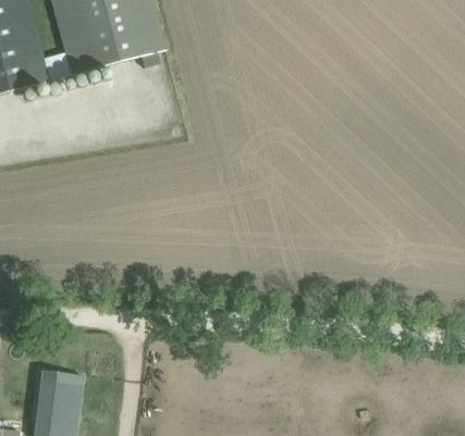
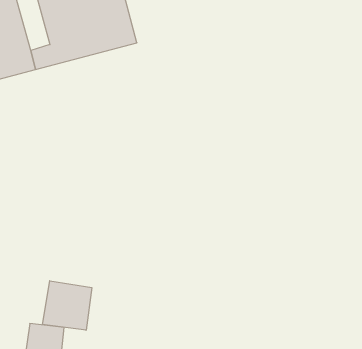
building: none -> [43,281,92,330]

